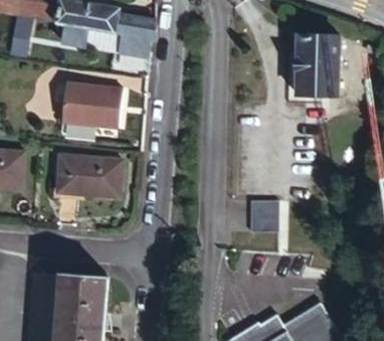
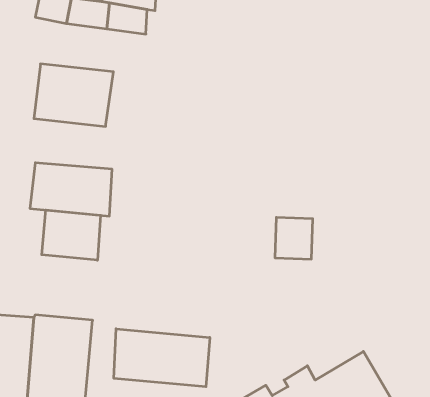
building: [296,34,339,95] -> none
building: none -> [42,210,101,260]
building: none -> [114,329,210,387]

